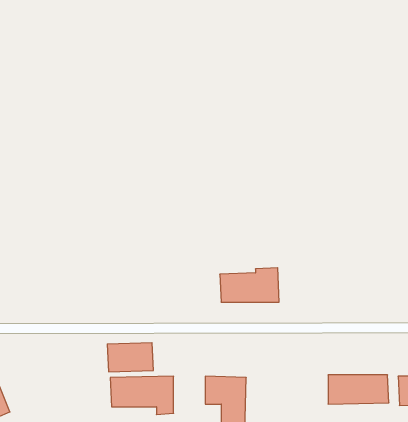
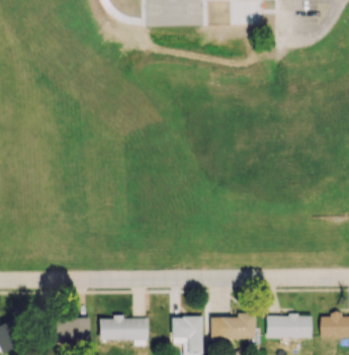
building: [220,268,279,302] -> [210,313,256,339]
building: [107,343,153,372] -> [56,318,91,340]

